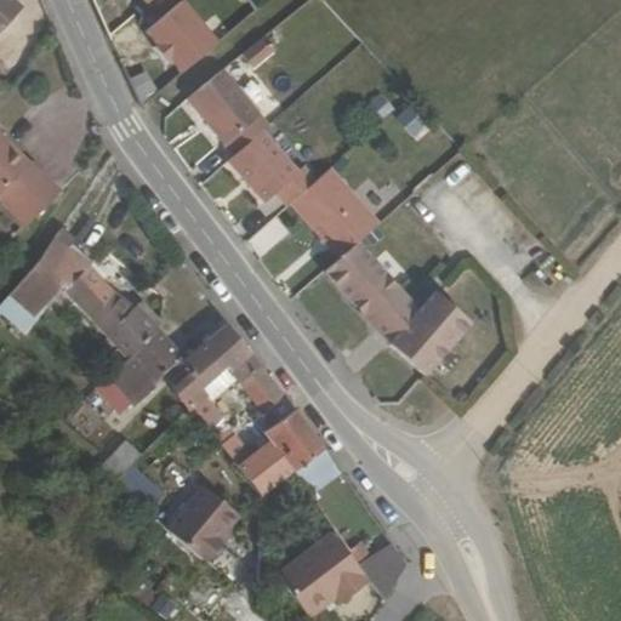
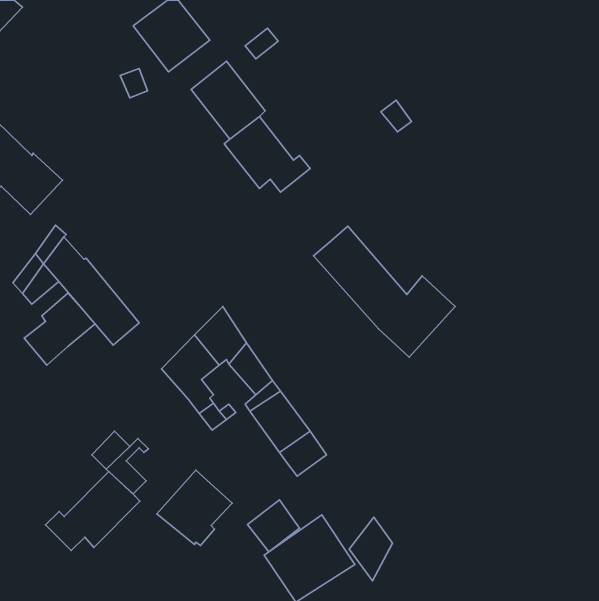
building: [292,161,381,251] -> none
building: [98,334,171,408] -> [24,293,95,365]
building: [240,446,294,500] -> [248,500,300,552]
building: none -> [45,471,140,551]

